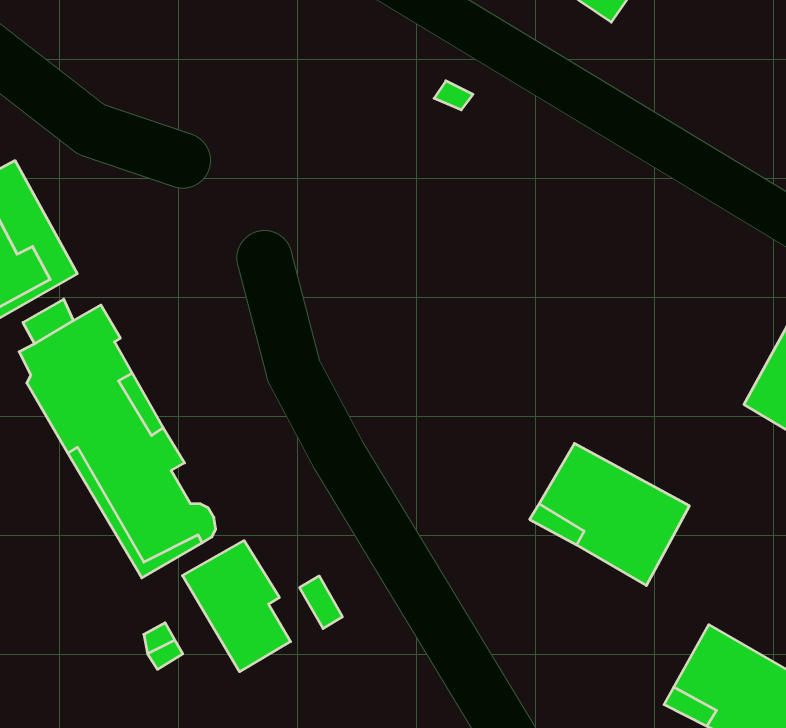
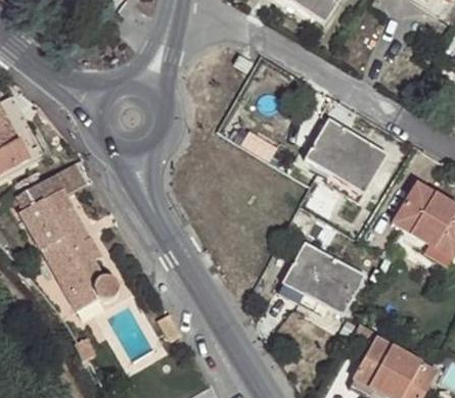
building: none -> [304,119,388,194]
building: [182,541,291,672] -> none

